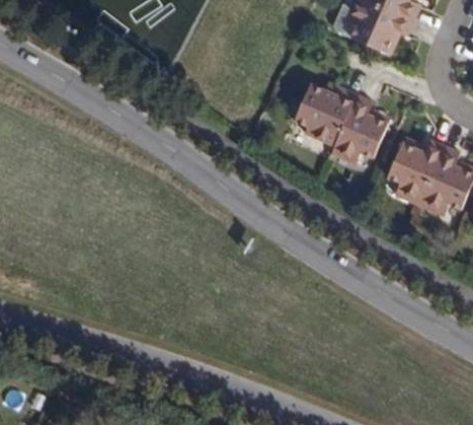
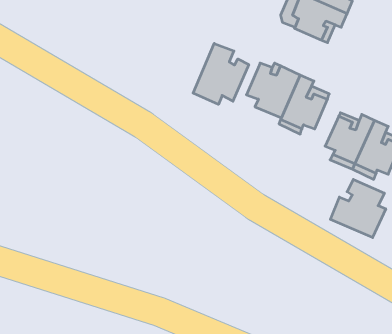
building: none -> [193,43,249,104]
building: none -> [330,179,386,238]

